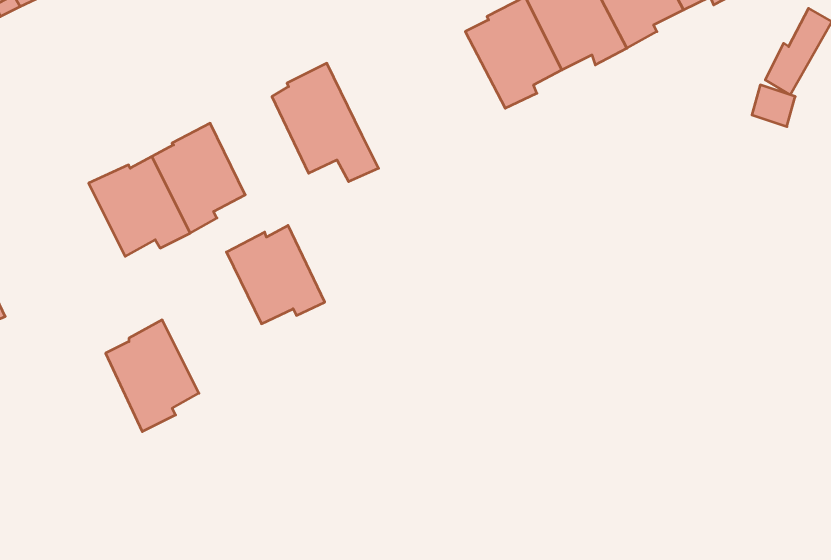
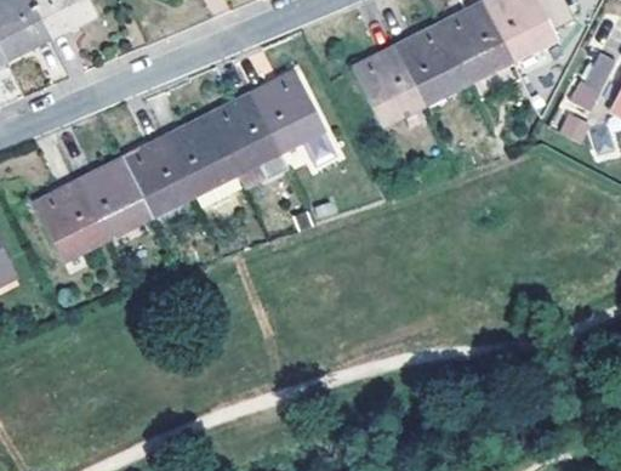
building: none -> [250,73,334,166]
building: [226,225,325,324] -> [165,117,237,188]
building: [106,320,199,432] -> [35,180,103,261]

